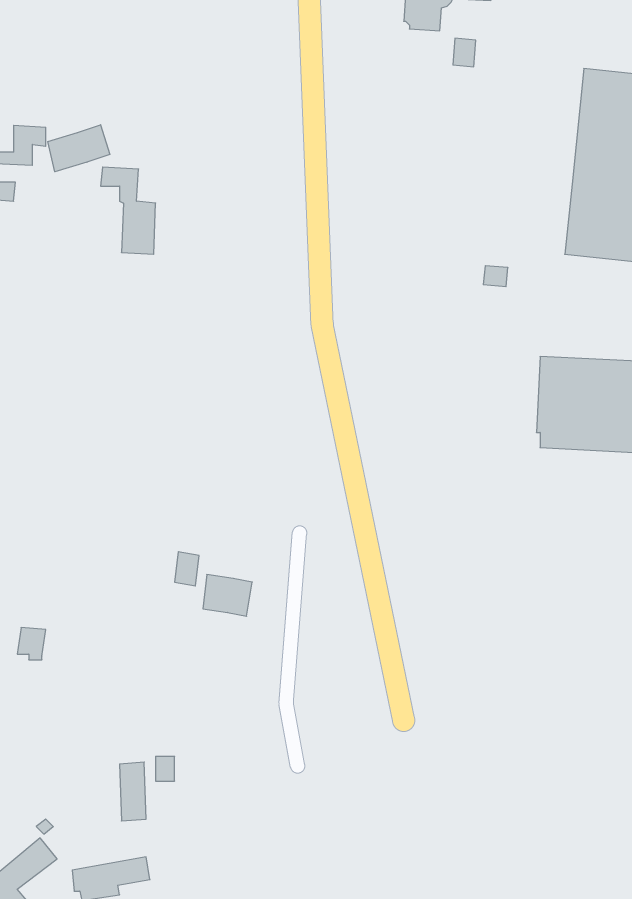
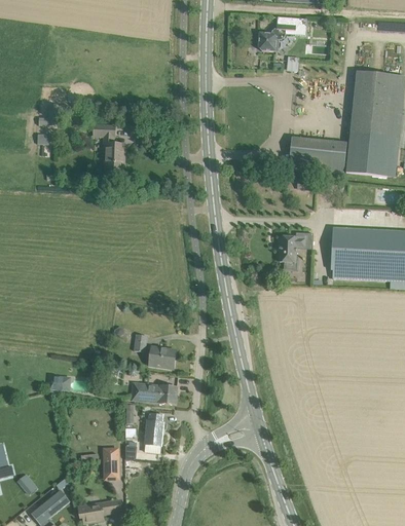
building: [48,125,110,172] -> none
building: none -> [288,137,347,174]
building: none -> [278,232,312,261]
building: none -> [131,381,177,403]
building: none -> [145,412,163,445]

